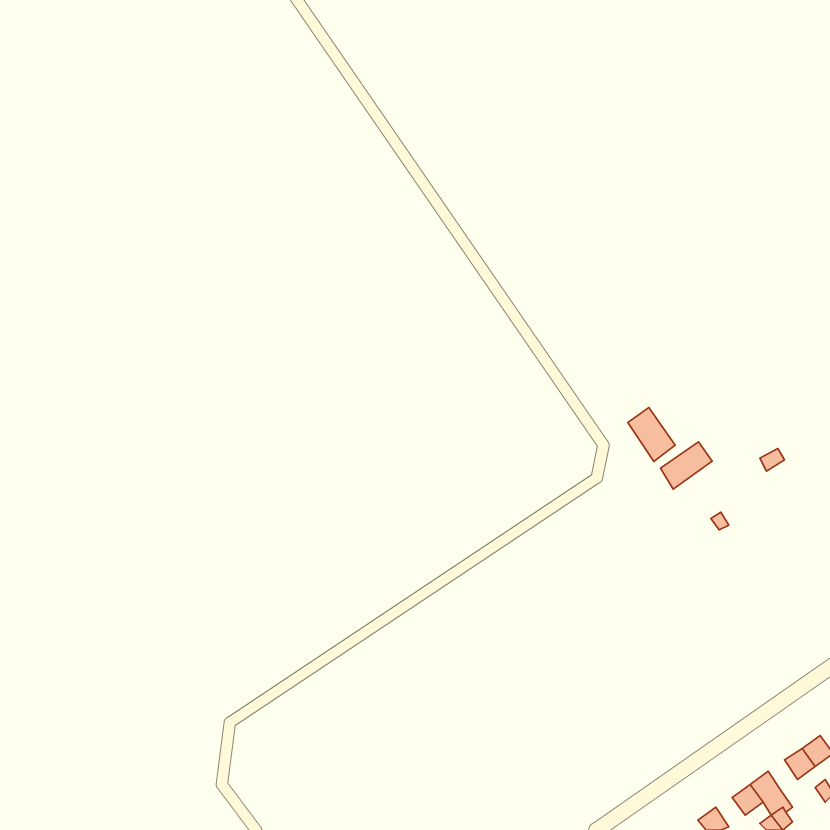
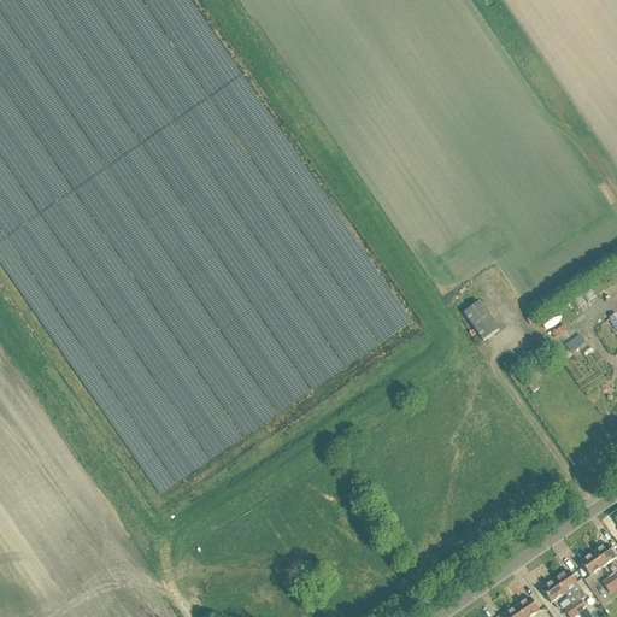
building: [660,442,712,489] -> none

